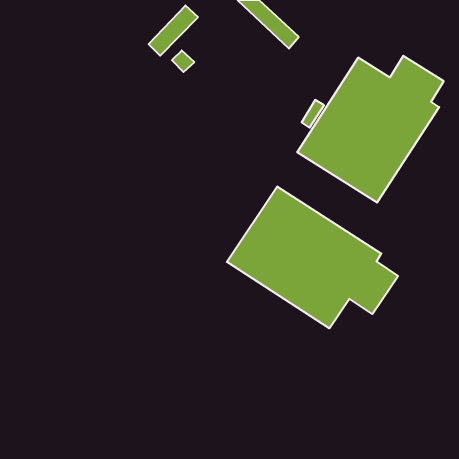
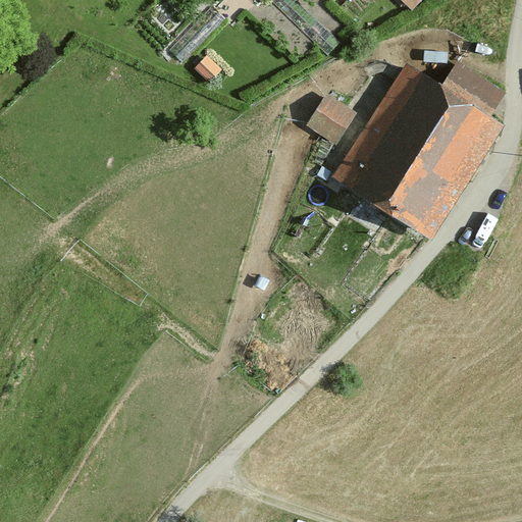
building: none -> [308,95,355,142]
building: [227,186,398,328] -> none

